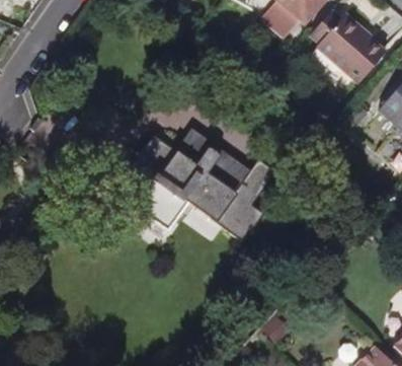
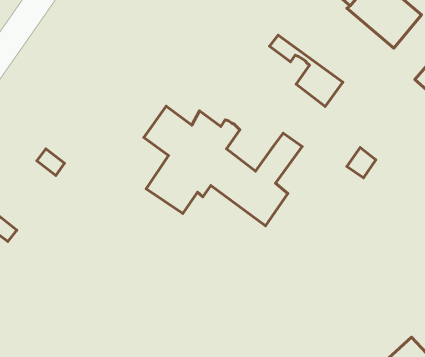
building: [183,129,250,194] -> [269,35,343,107]

